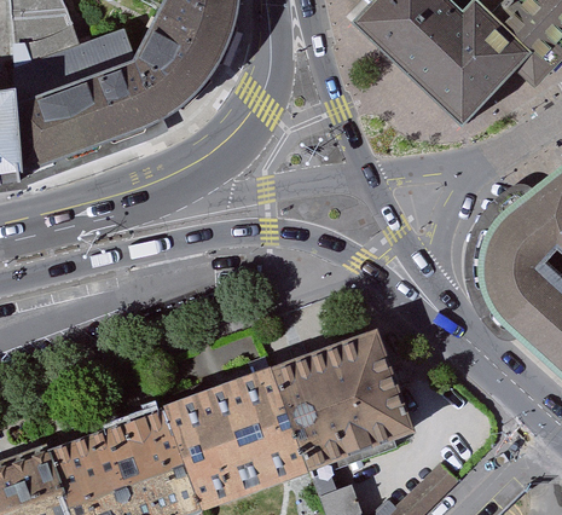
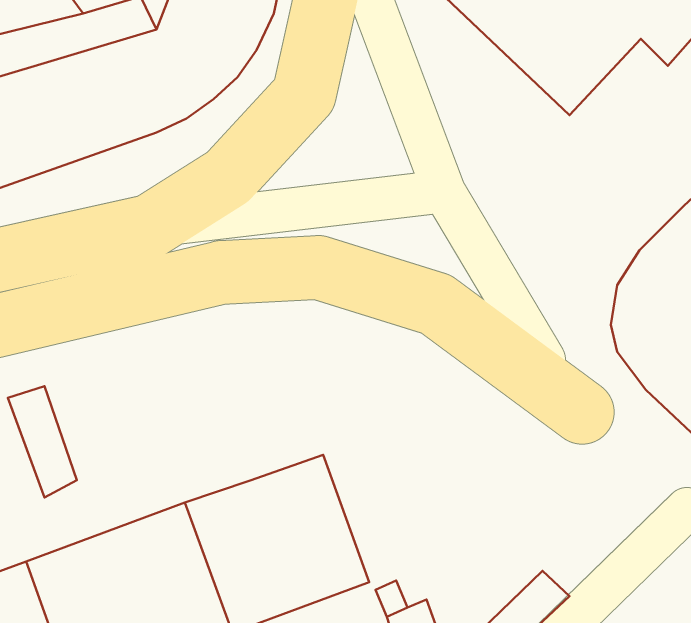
building: none -> [8,386,77,498]
building: [270,338,406,471] -> none

